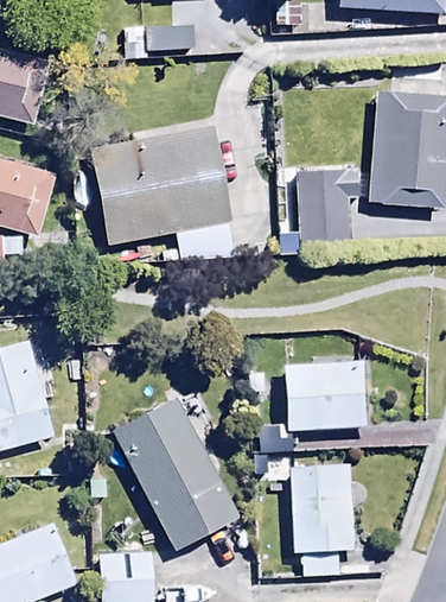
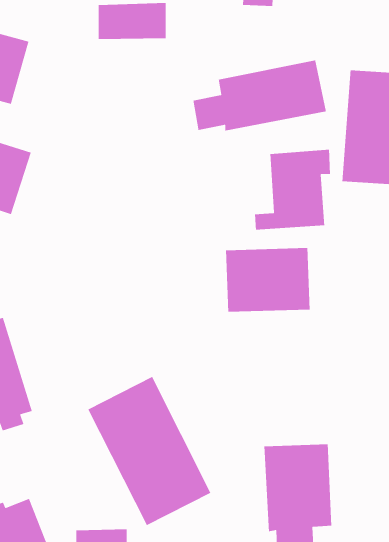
building: none -> [192,59,327,132]
building: [89,127,235,268] -> none
building: [283,365,369,430] -> [225,247,310,312]

